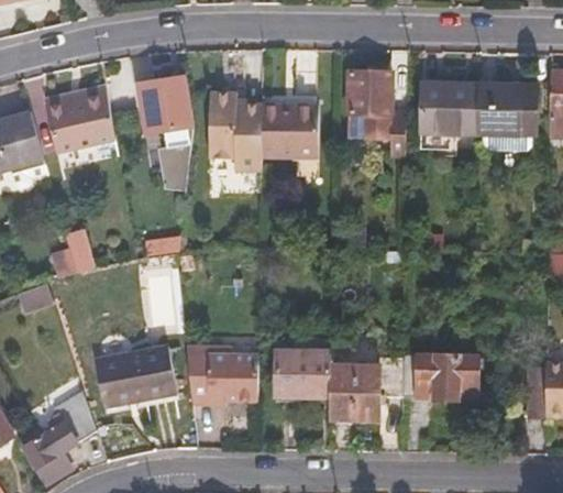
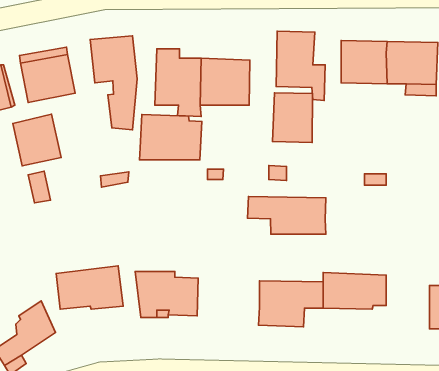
building: none -> [272,93,312,143]
building: none -> [13,114,61,166]
building: none -> [140,115,202,160]
building: none -> [248,197,326,234]
building: [280,350,331,394] -> none

